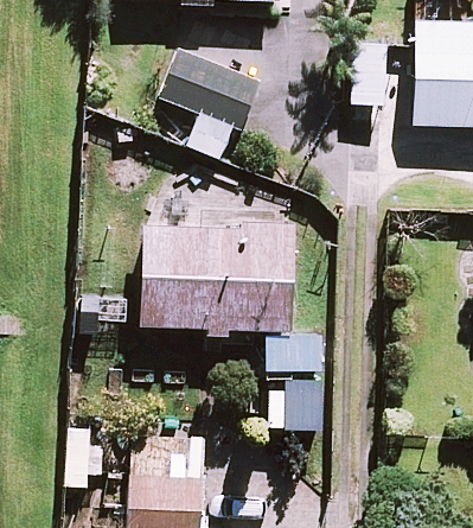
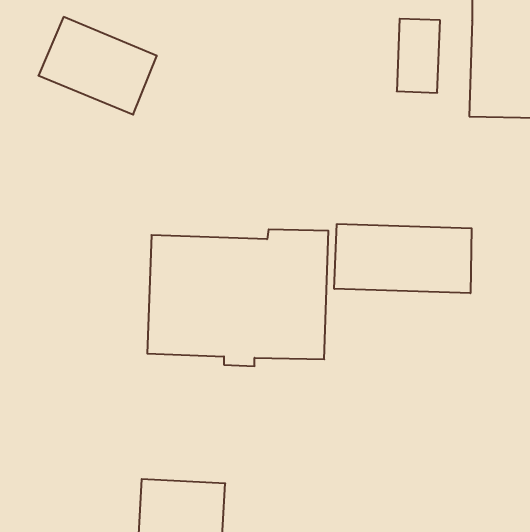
building: [162,45,263,128] -> [38,17,157,115]
building: none -> [334,224,472,293]

